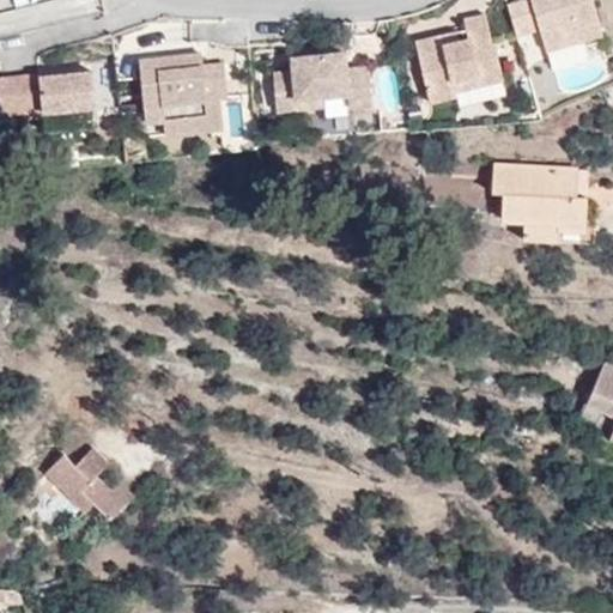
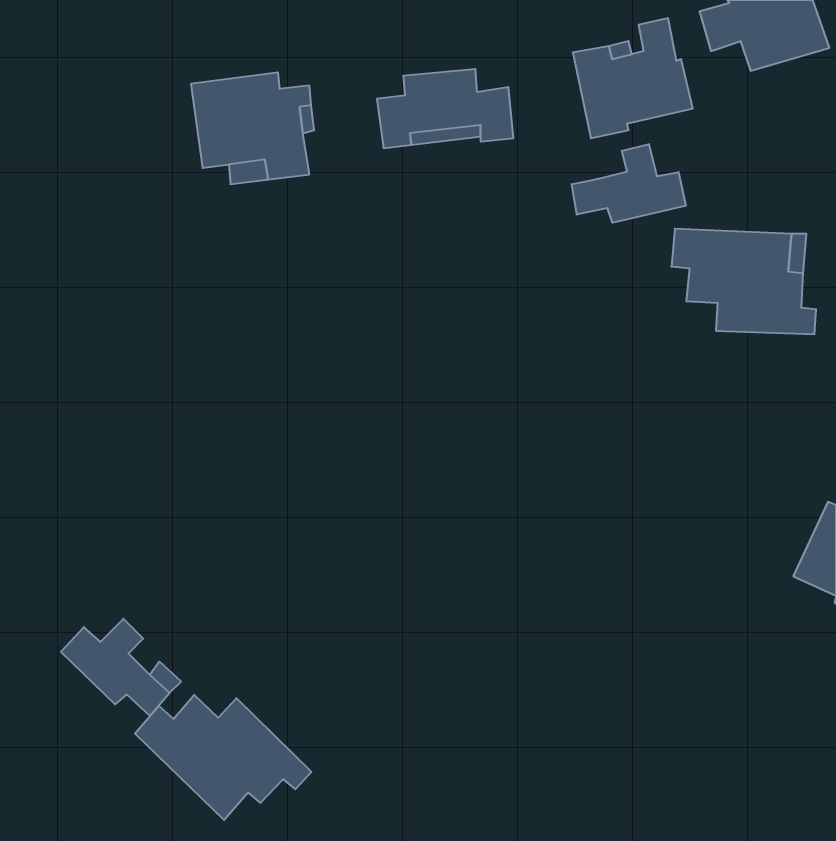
building: [20,71,95,110] -> none
building: none -> [572,144,686,223]
building: none -> [135,695,311,820]

